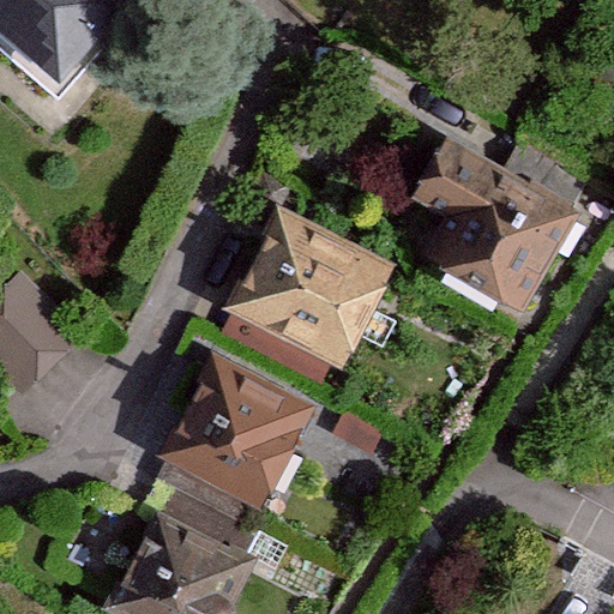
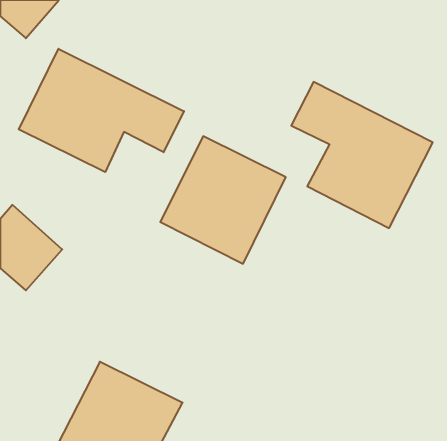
building: none -> [19,49,184,172]
building: [144,355,314,526] -> none

